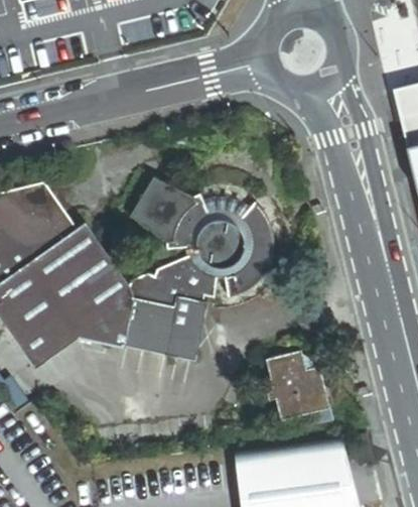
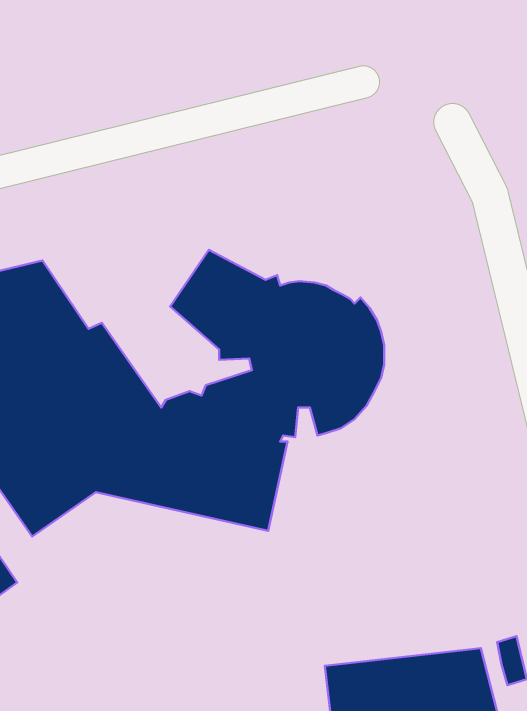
building: [266,353,332,422] -> none

